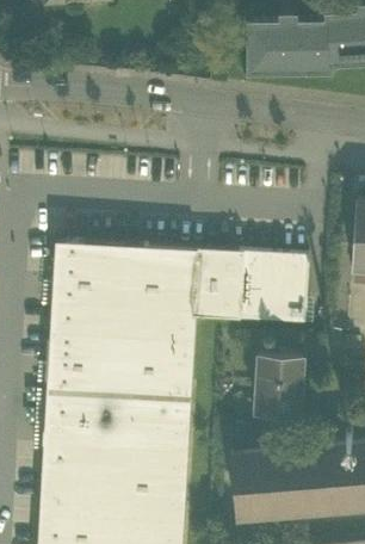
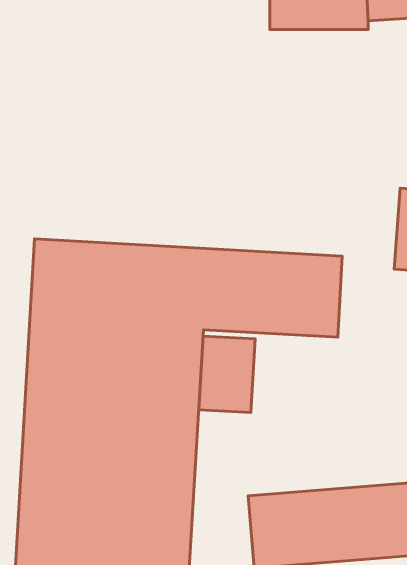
building: [256,356,303,419] -> [199,336,255,413]

